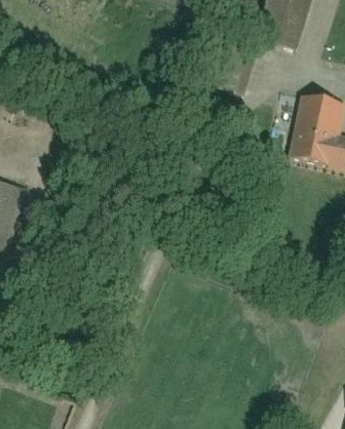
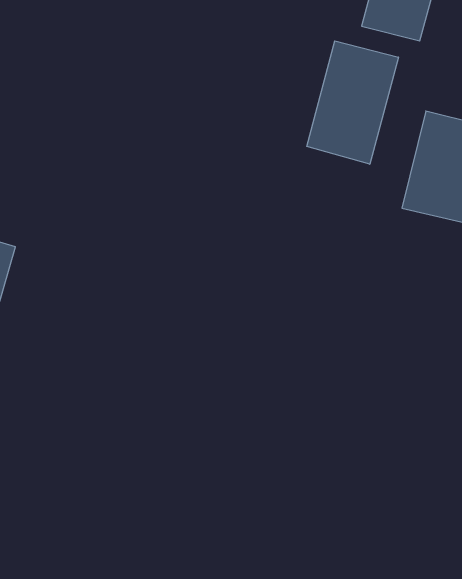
building: none -> [307,41,398,164]

